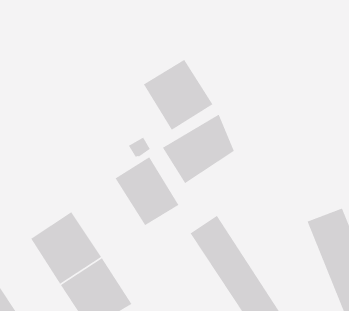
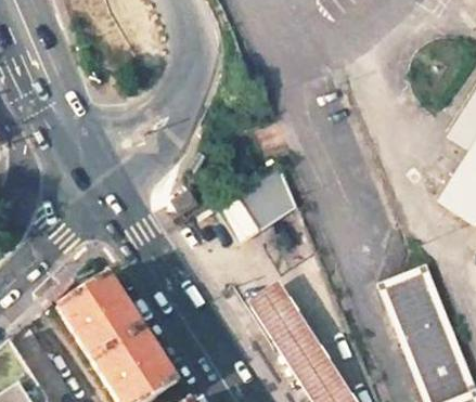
building: [143,59,214,131] -> none
building: [114,156,180,226] -> none

